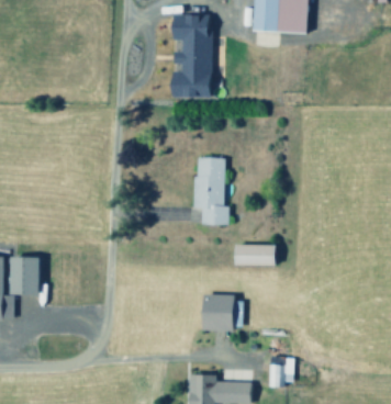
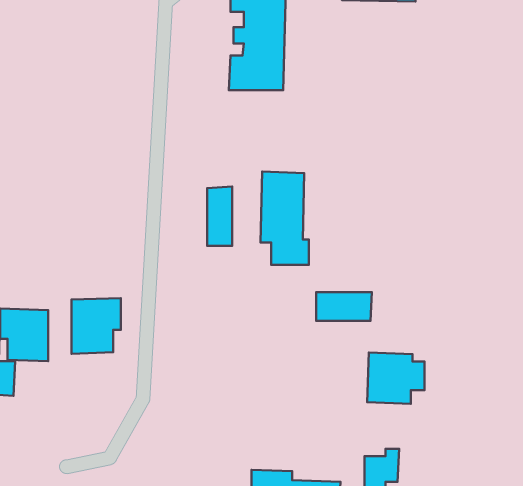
building: none -> [207,187,232,246]
building: none -> [71,298,121,354]
building: [201,293,243,330] -> [367,353,424,404]

